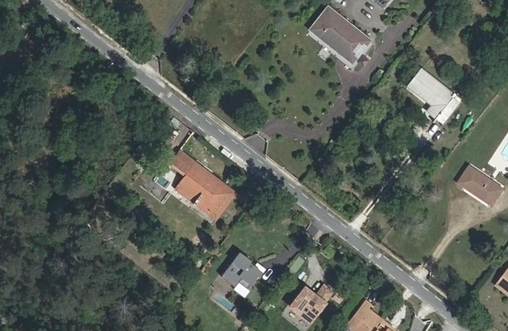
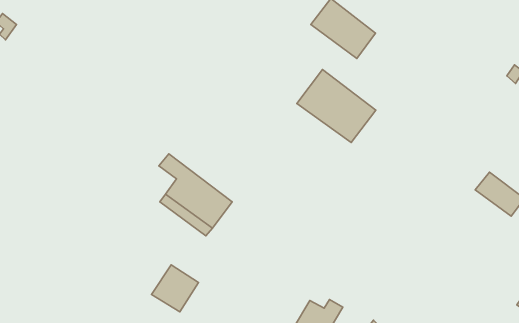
building: [409,68,461,123] -> none
building: none -> [297,69,376,143]
building: [223,250,266,293] -> [151,265,199,312]

